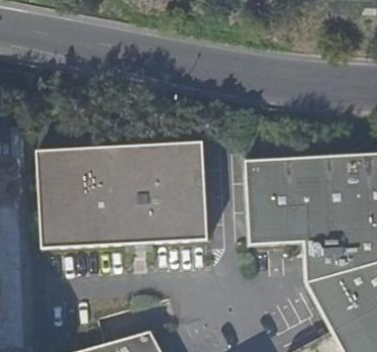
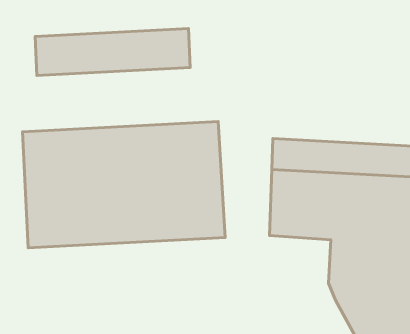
building: none -> [35,29,190,75]

